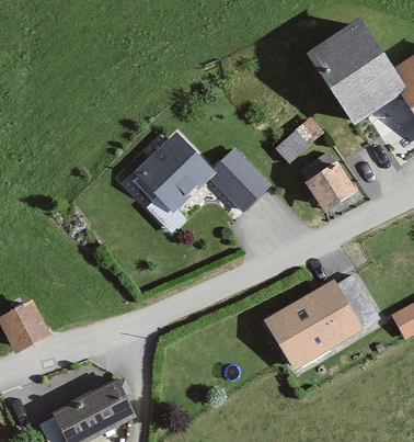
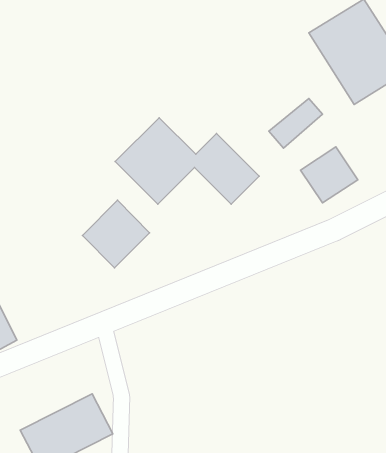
building: none -> [82,200,150,268]
building: [265,279,363,369] -> none

